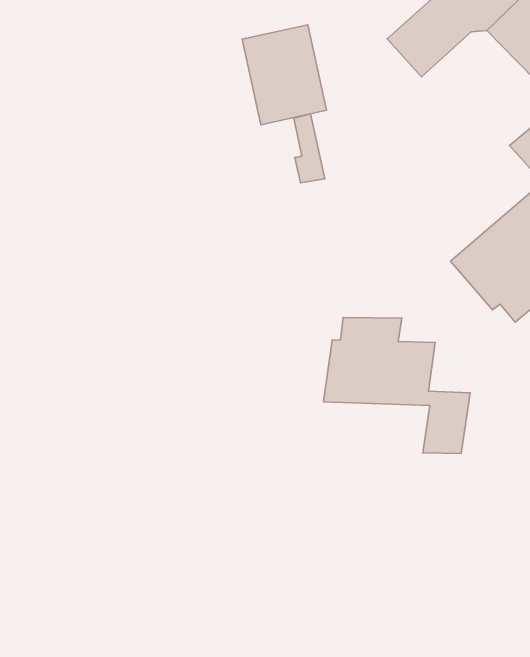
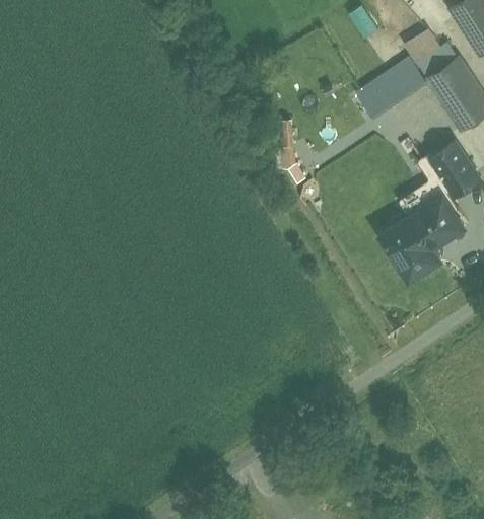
building: [242,25,326,125] -> none
building: [324,317,470,453] -> none

